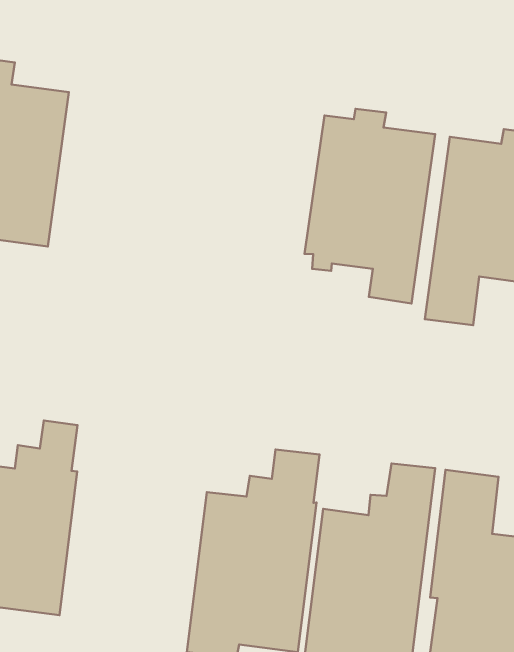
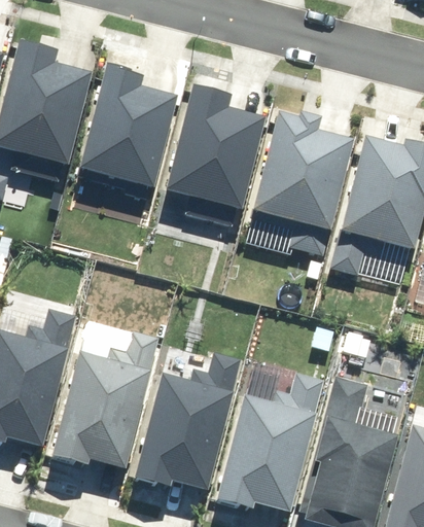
building: none -> [77,60,182,192]
building: none -> [165,82,270,224]
building: none -> [51,326,160,464]

